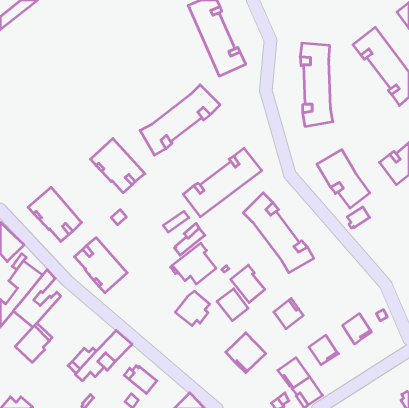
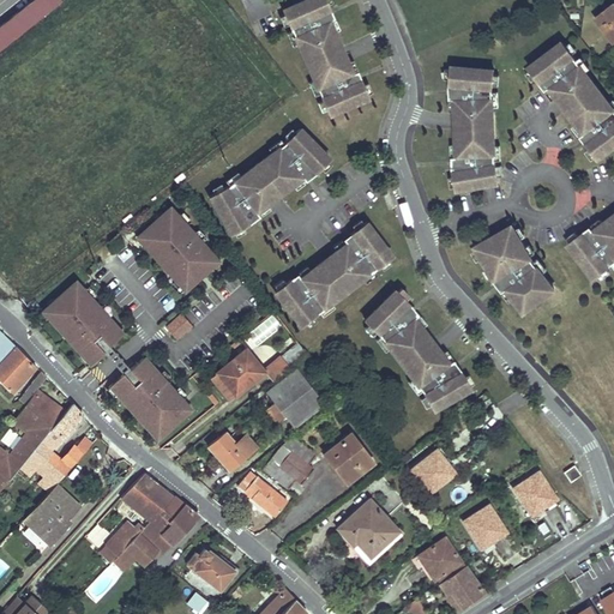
building: [347,207,370,228] -> none
building: none -> [210,349,264,401]
building: [231,265,265,303] -> none
building: none -> [207,432,257,470]
building: none -> [236,471,287,517]
building: none -> [121,474,174,522]

